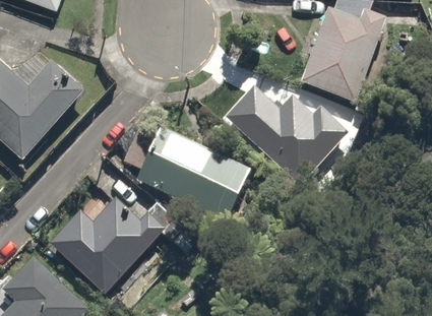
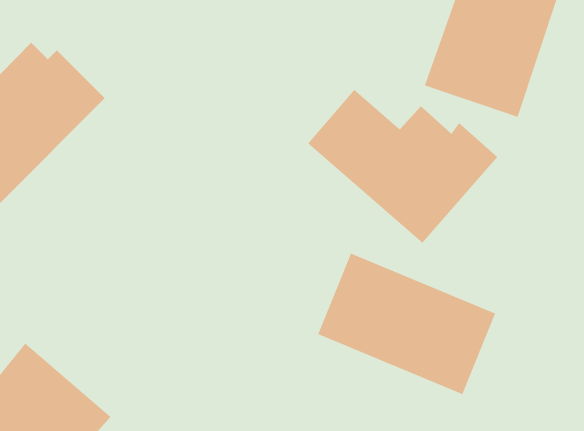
building: [133,125,253,220] -> [317,253,496,395]
building: [48,196,159,291] -> none

